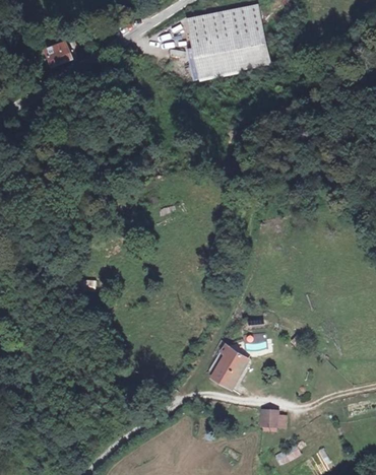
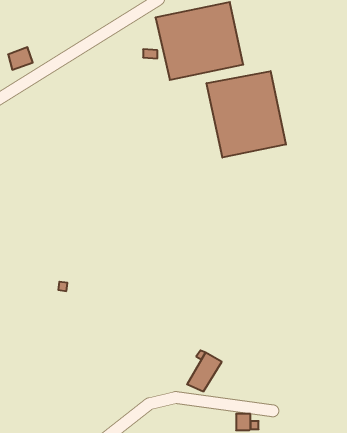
building: none -> [207,71,286,158]

